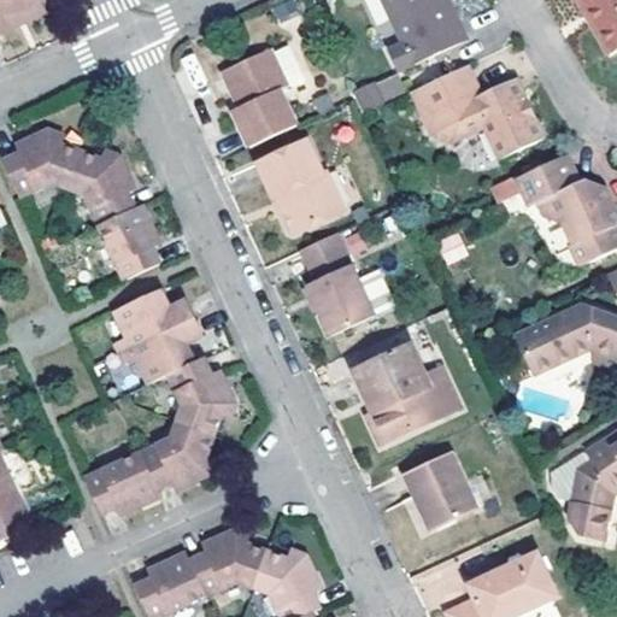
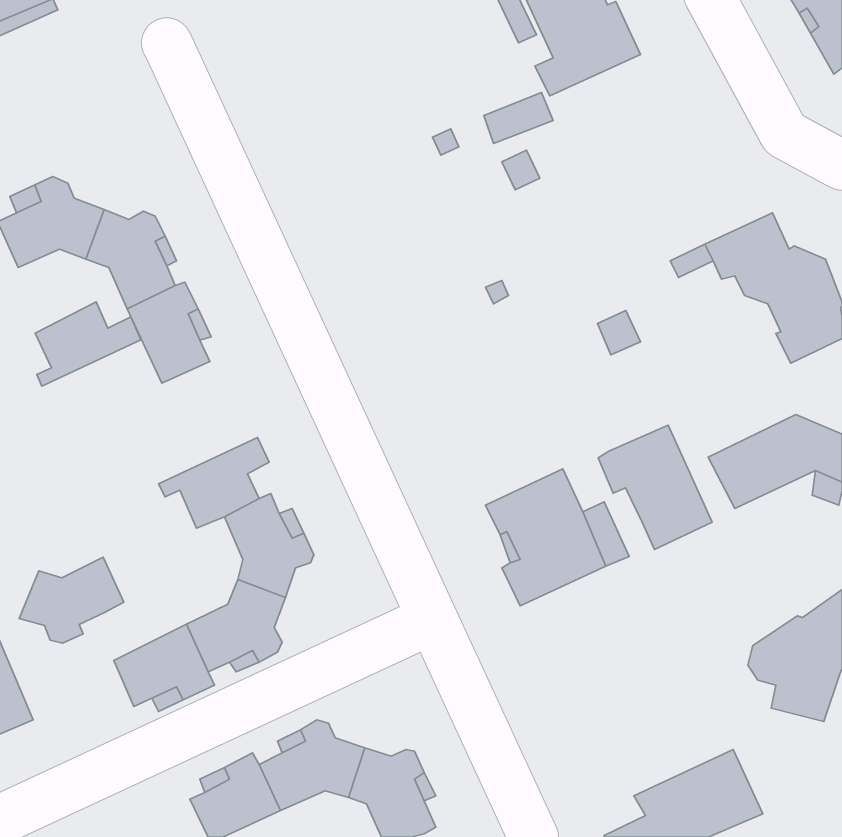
building: [223,49,306,148] -> none
building: [416,67,541,155] -> none
building: [260,141,346,231] -> none
building: [304,231,377,335] -> none
building: [111,292,188,353] -> [35,302,141,386]
building: none -> [598,425,712,550]
building: none -> [19,557,124,643]
building: [405,447,480,527] -> none

